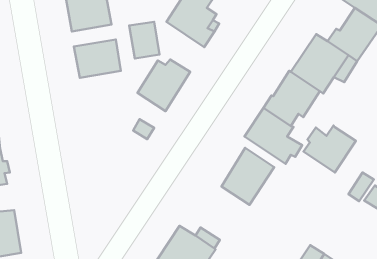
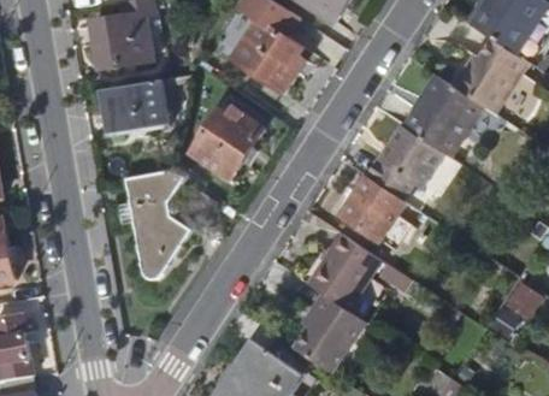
building: [129,22,160,59] -> none
building: none -> [118,172,189,280]
building: [303,125,356,173] -> none
building: none -> [294,294,364,373]

